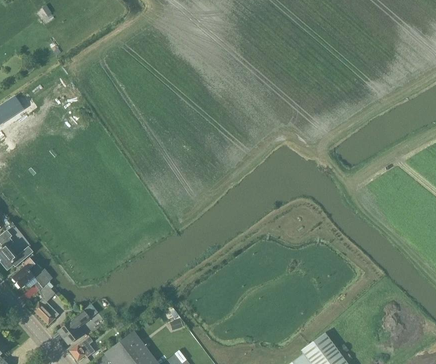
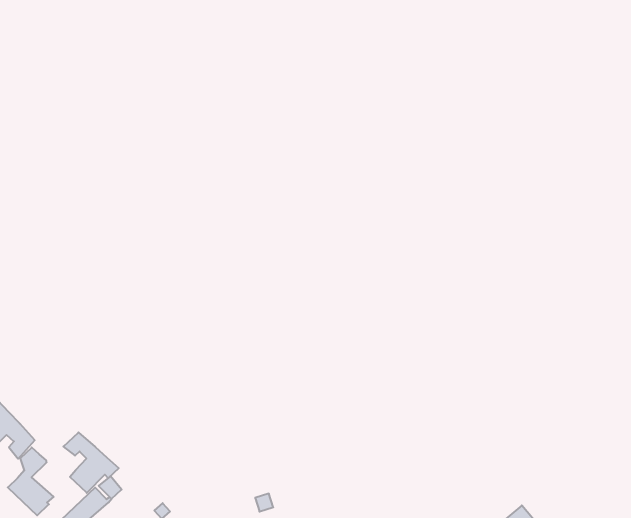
building: none -> [63,432,119,493]

